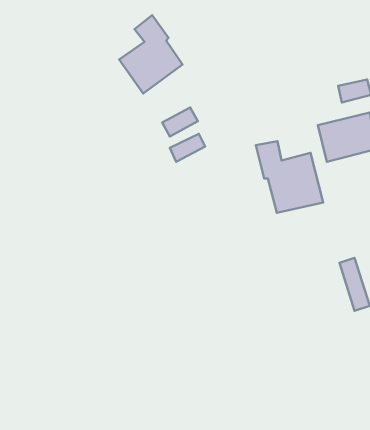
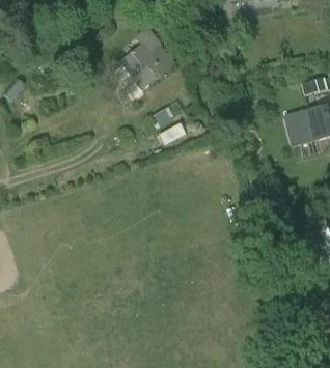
building: [256,141,323,213] -> none

